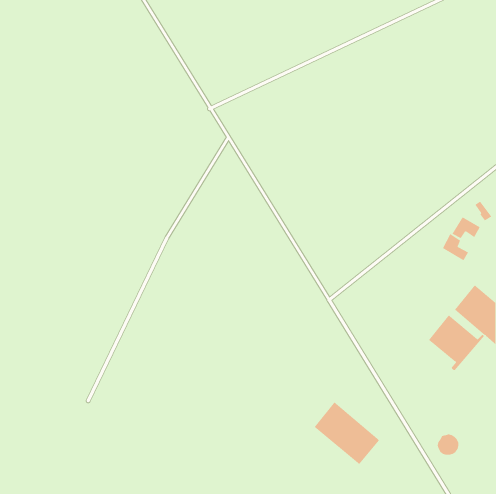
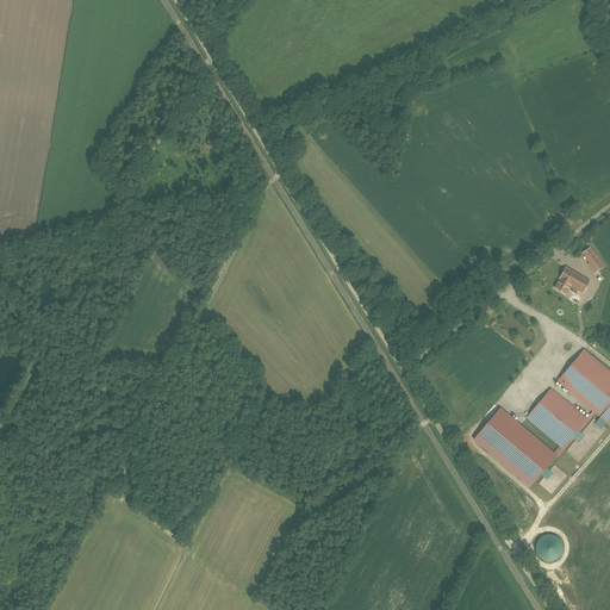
building: [442,233,469,261] -> none
building: [314,402,380,465] -> [474,406,555,484]

